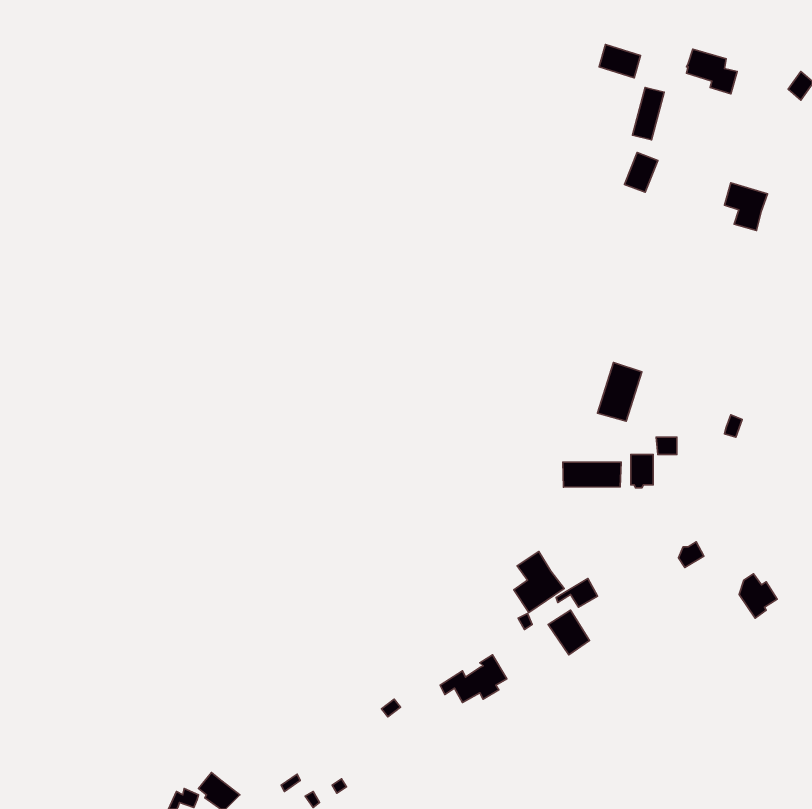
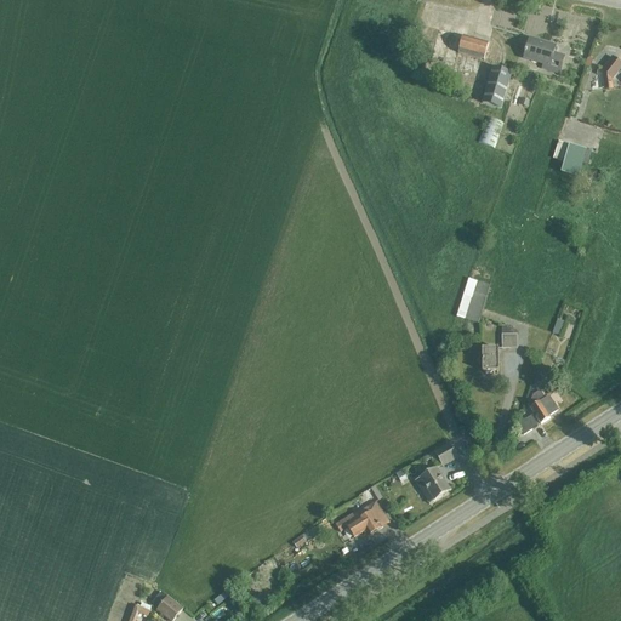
building: [563,462,621,487] -> none
building: [514,551,564,613] -> none
building: [739,574,777,618] -> [529,388,558,422]

